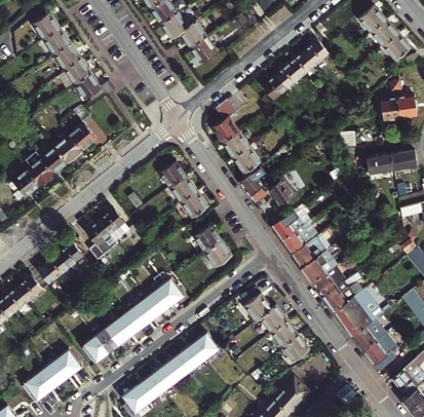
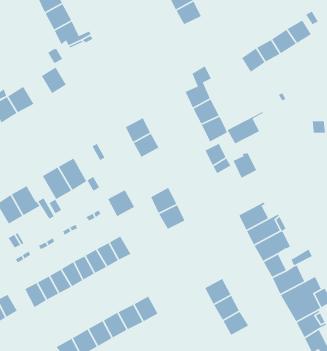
building: [54,132,83,161] -> none
building: [180,186,208,215] -> [107,189,135,217]
building: [272,203,306,240] -> [227,111,264,145]
building: [243,292,272,320] -> none

